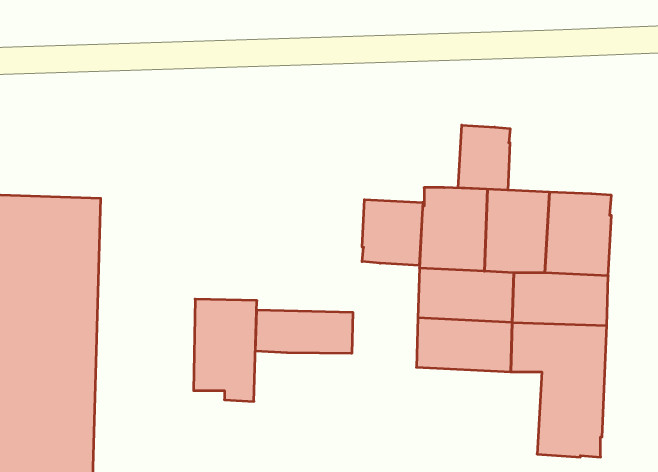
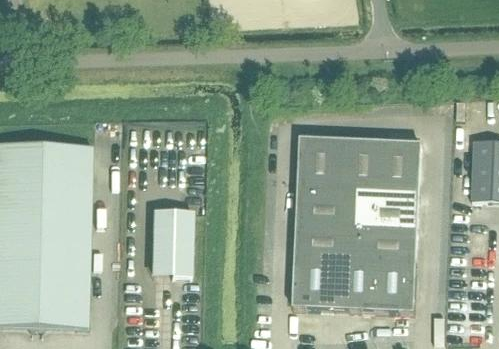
building: [458,125,510,190] -> none
building: [362,200,423,265] -> none
building: [256,310,353,353] -> none
building: none -> [293,253,376,309]

